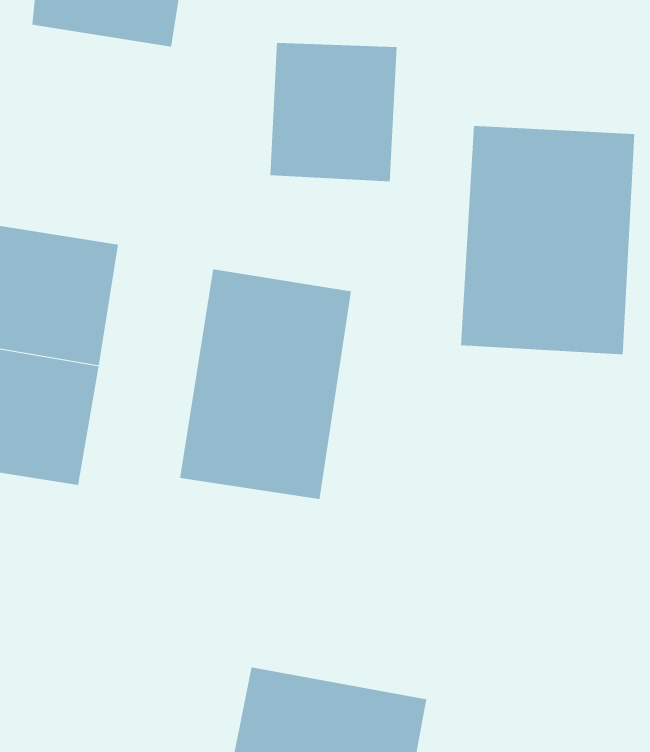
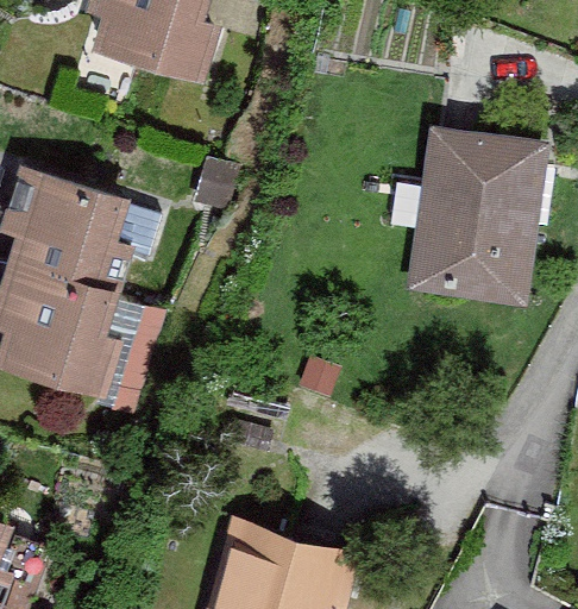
building: [270,42,397,182] -> none
building: [179,268,351,500] -> none

